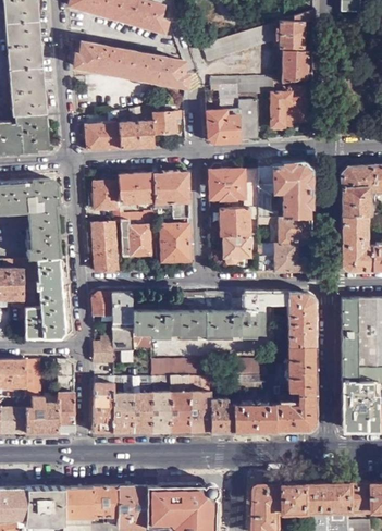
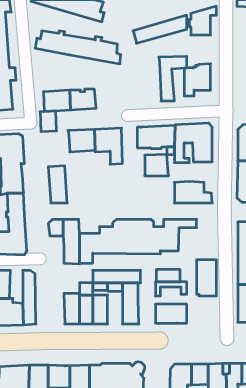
building: [283,52,308,83] -> none
building: [205,86,241,144] -> none
building: [153,112,180,134] -> none
building: [94,183,115,210] -> [40,111,57,132]
building: [258,218,308,245] -> none
building: [121,221,151,257] -> none
building: [161,225,189,262] -> none
building: [221,236,250,266] -> none
building: [287,294,313,347] -> none
building: [95,335,112,365] -> none
building: [94,384,113,432] -> none
building: [170,394,189,432] -> none
building: [274,395,313,431] -> none
building: [210,400,233,432] -> none

